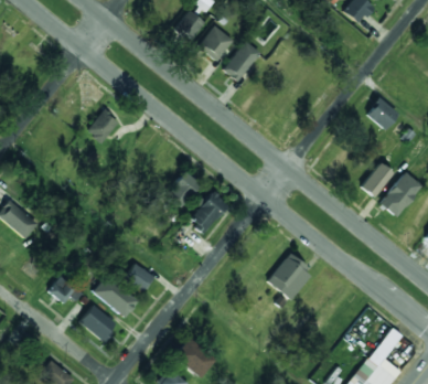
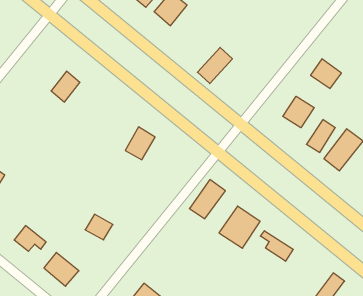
building: [224,42,261,81] -> [197,47,232,84]
building: none -> [283,96,314,128]
building: [190,191,228,233] -> [189,180,225,219]
building: [93,276,138,318] -> none
building: none -> [260,231,293,261]

